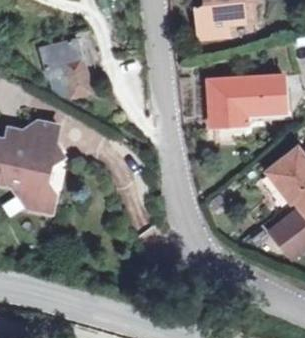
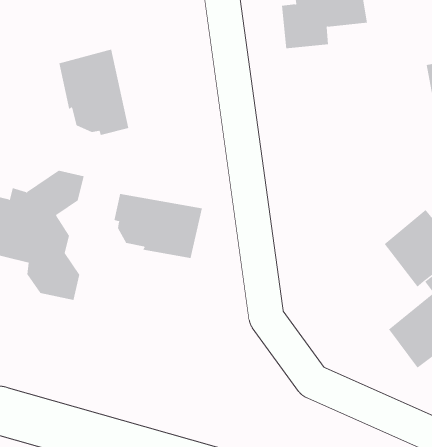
building: [208,77,283,125] -> none
building: none -> [114,193,203,259]

